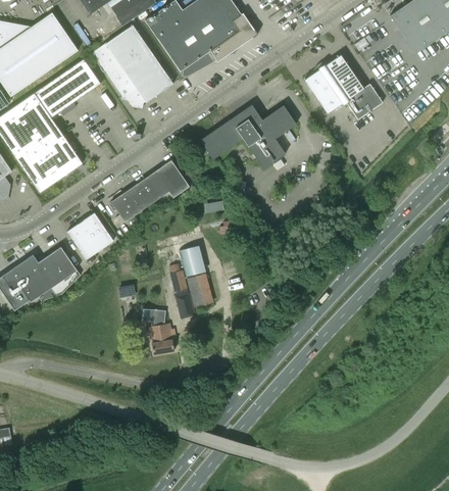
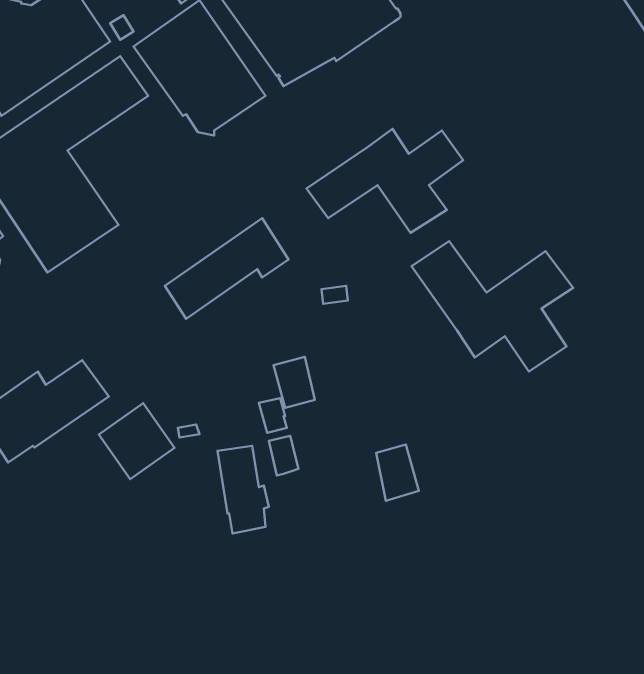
building: [303,57,383,119] -> none
building: none -> [412,241,573,372]
building: [66,212,113,259] -> [99,403,175,479]
building: [187,274,213,308] -> [376,445,419,501]

